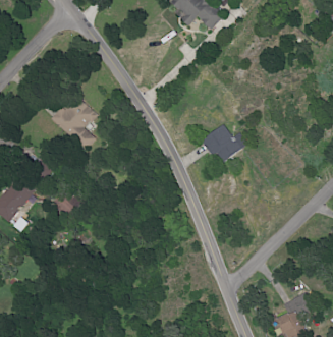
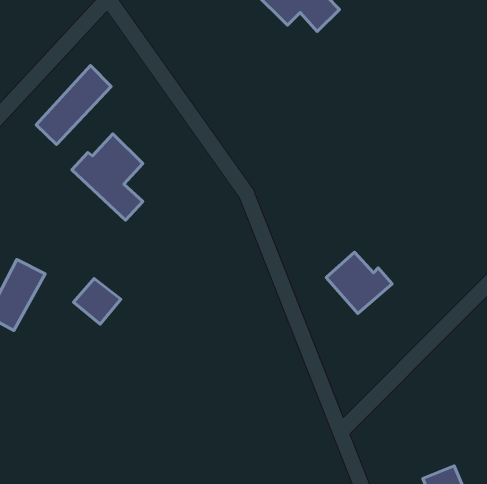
building: none -> [36,65,111,144]
building: [203,123,245,163] -> [326,252,392,314]

